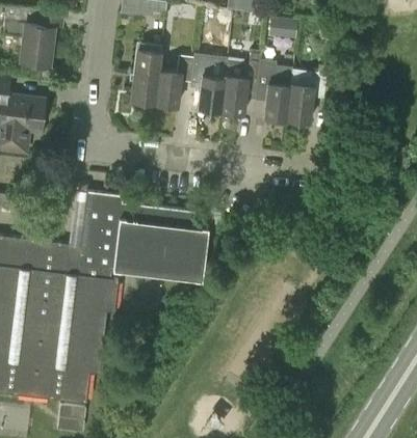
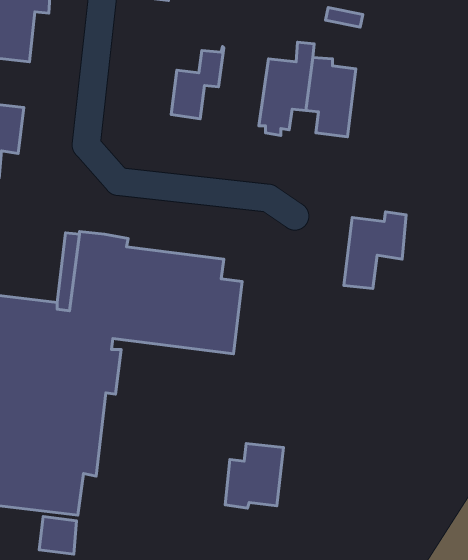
building: [132,44,162,105] -> none
building: [191,55,229,113] -> none
building: [288,66,335,124] -> [344,212,406,288]
building: none -> [225,443,283,508]

